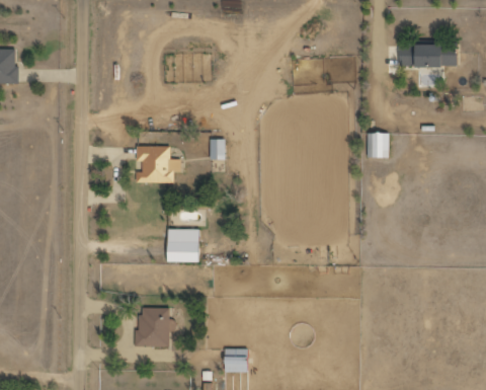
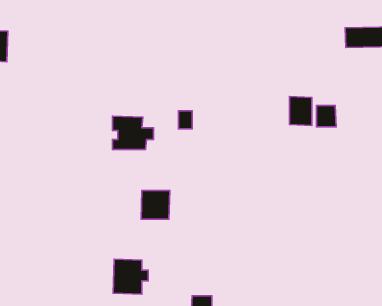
building: none -> [289,97,312,125]

